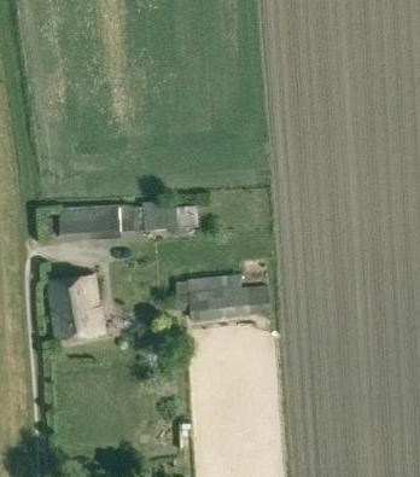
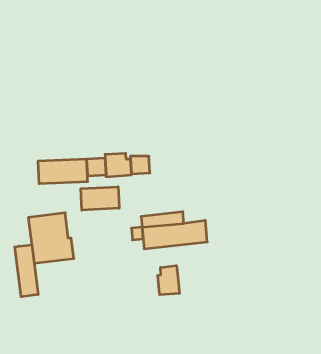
building: none -> [81,187,119,210]
building: none -> [15,245,38,297]
building: none -> [158,266,180,295]

